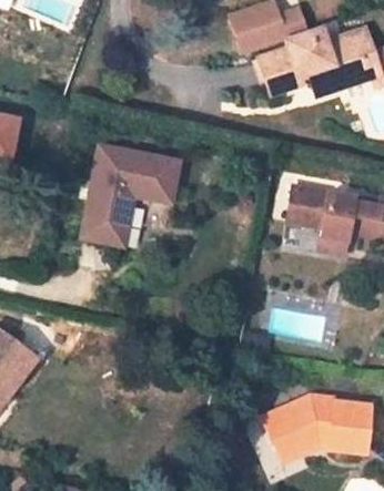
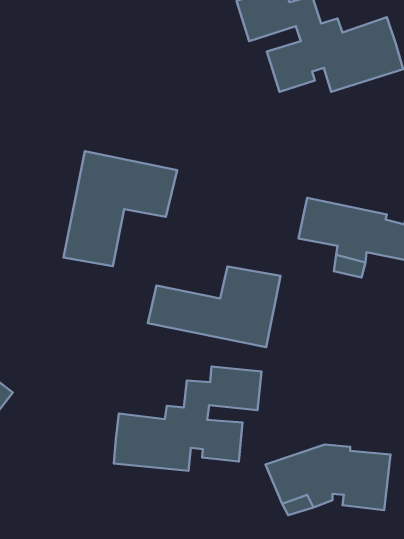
building: none -> [148,267,280,347]
building: none -> [114,366,261,471]

